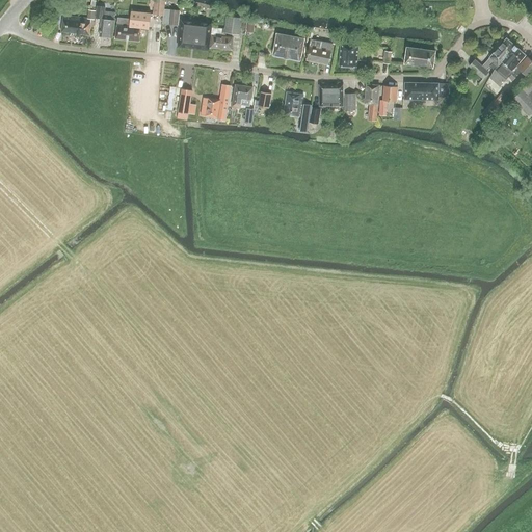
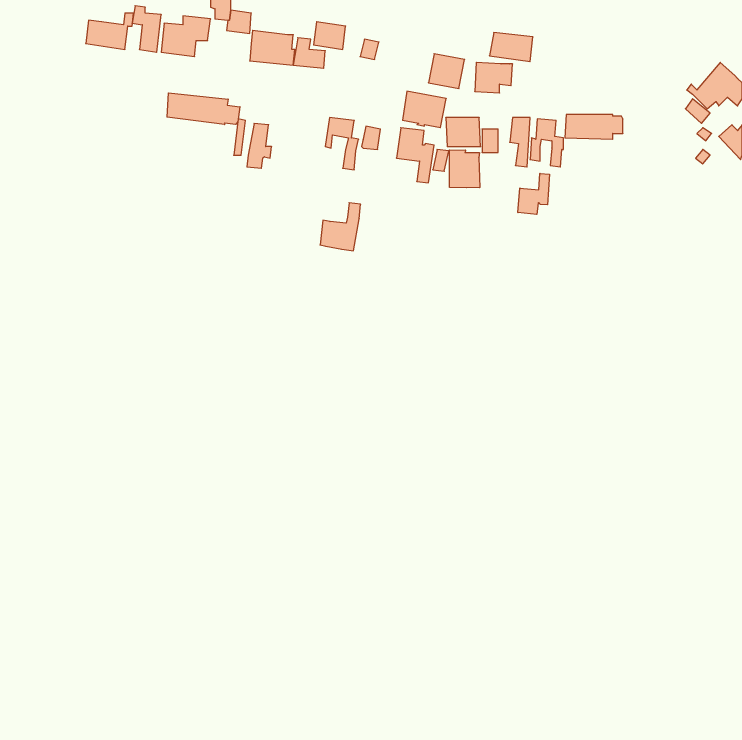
building: [273,33,304,59] -> [403,91,446,128]
building: [469,37,515,78] -> none
building: [404,47,435,68] -> [489,33,533,62]
building: none -> [167,93,240,125]
building: [202,84,231,118] -> [320,203,361,251]
building: none -> [450,150,480,188]
building: none -> [518,173,549,214]

